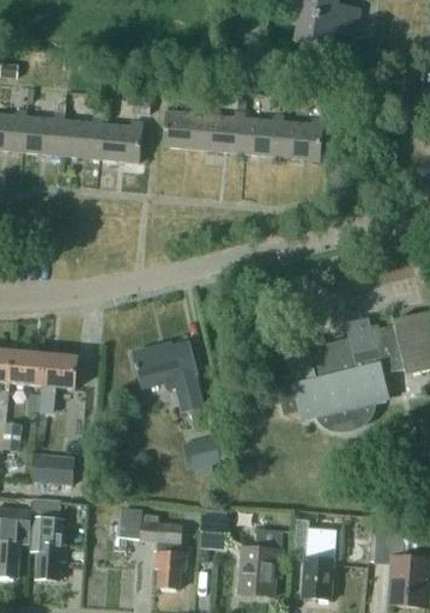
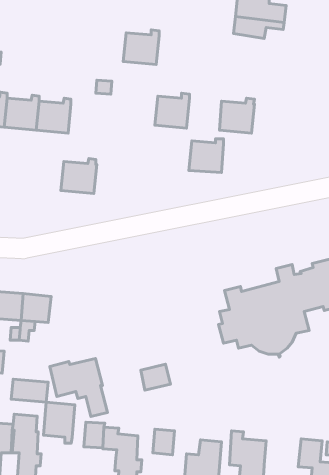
building: [163,109,206,151] -> [123,30,159,65]
building: [241,116,283,157] -> [189,139,224,173]
building: [98,122,141,164] -> [61,158,97,193]
building: [134,342,204,412] -> [50,359,108,416]
building: none -> [43,402,75,443]

